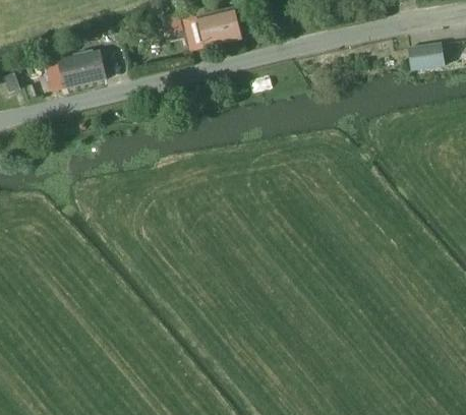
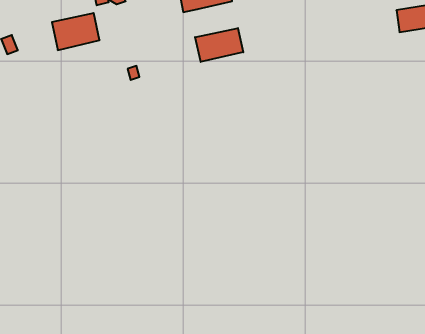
building: none -> [195,28,243,62]

